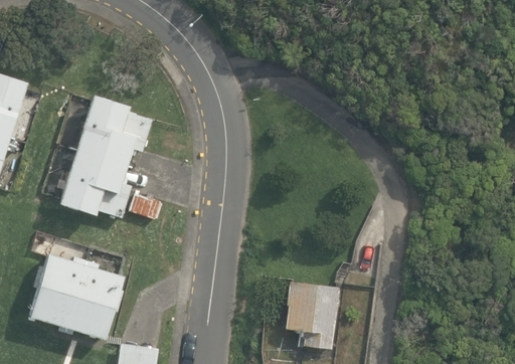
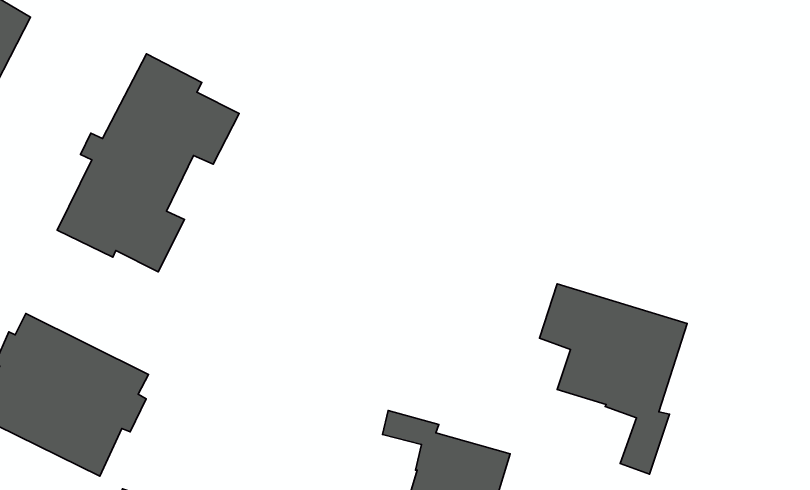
building: none -> [540,284,687,474]

